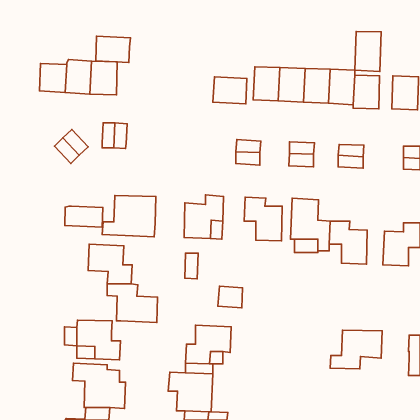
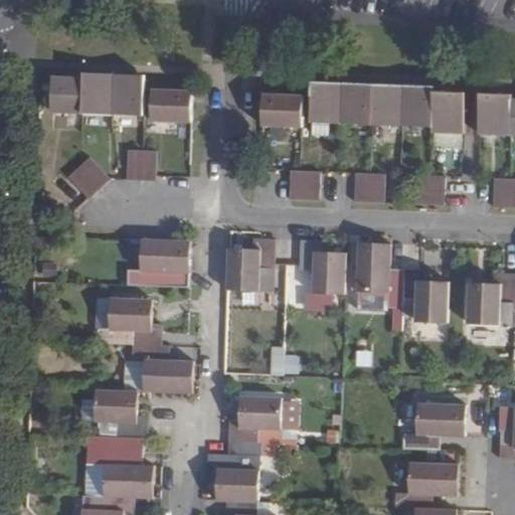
building: [355,32,381,71] -> none
building: [96,36,130,62] -> [149,90,191,122]
building: [65,206,103,227] -> none
building: none -> [394,461,458,508]

